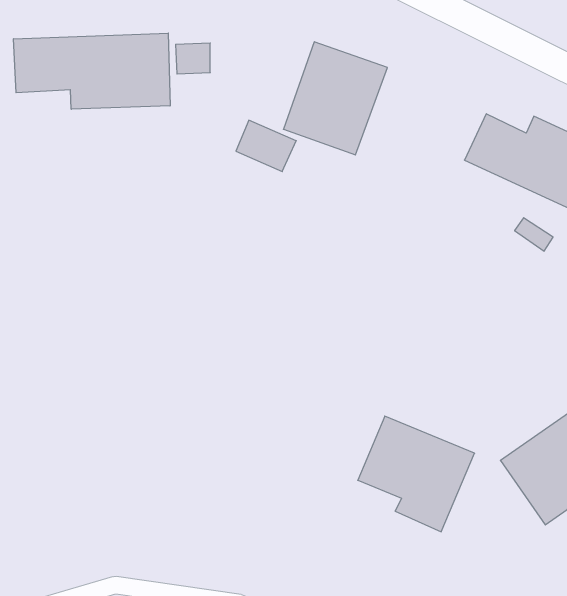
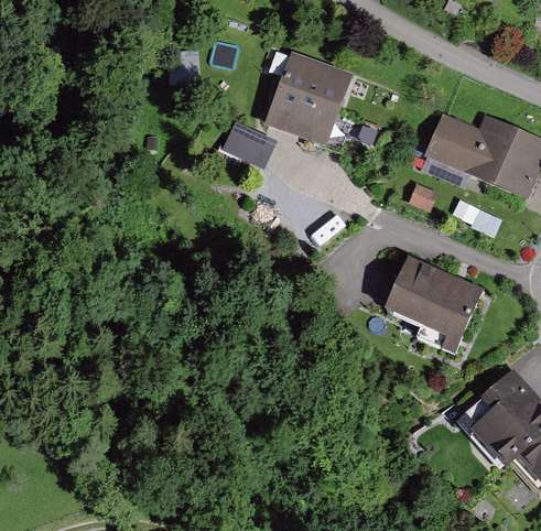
building: [14,33,170,109] -> none
building: [358,416,475,532] -> [387,257,487,356]

